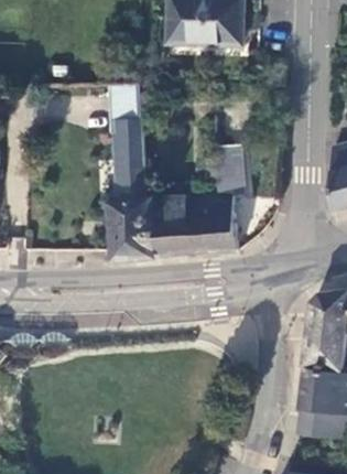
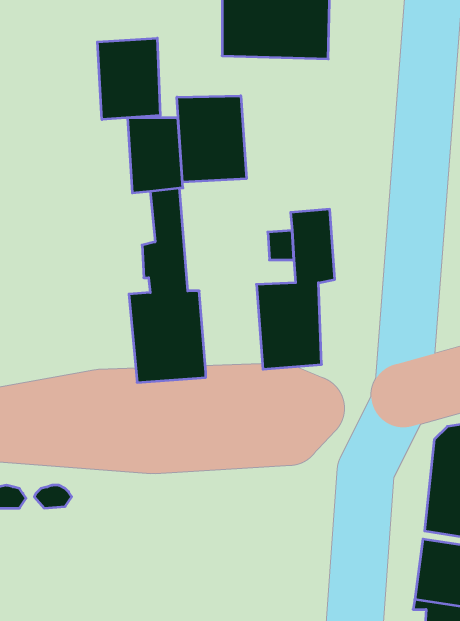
building: none -> [97,38,160,120]
building: none -> [177,96,246,182]
building: [154,196,197,256] -> none

